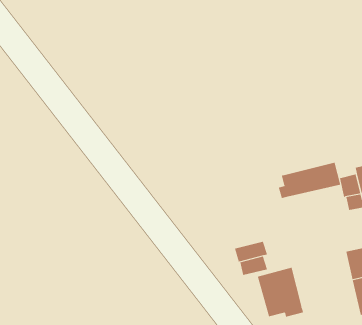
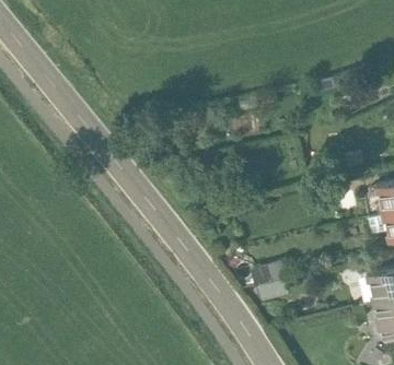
building: [278,162,341,199] -> none
building: [257,267,304,318] -> none

